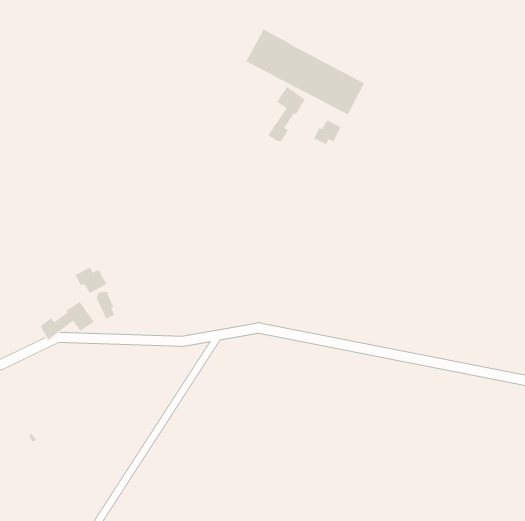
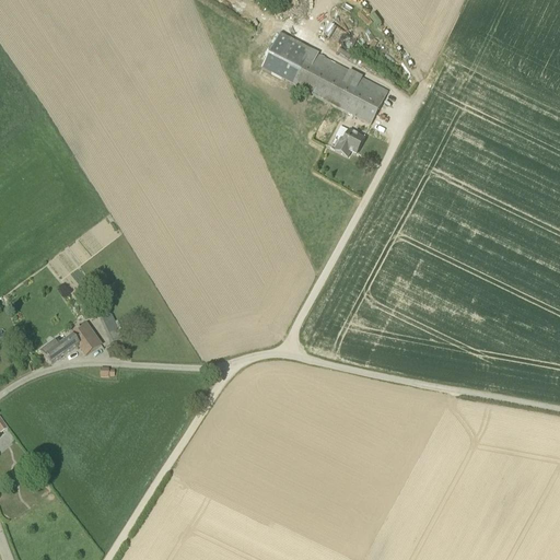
building: [267,86,305,143] -> none
building: [75,267,108,294] -> none

